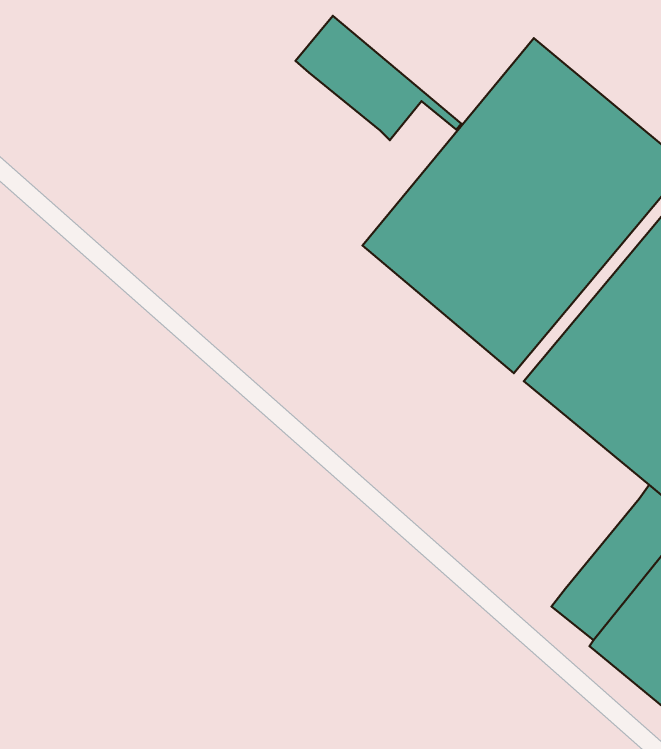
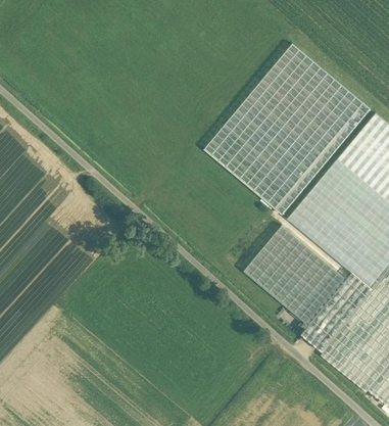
building: [295,16,462,140] -> none
building: none -> [244,225,346,325]

